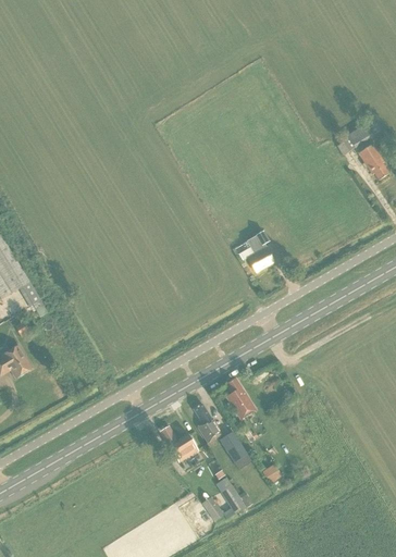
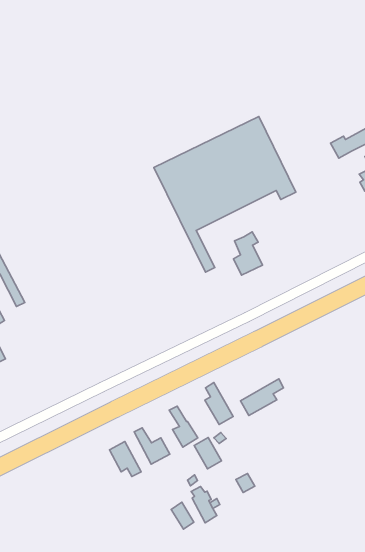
building: none -> [154,116,296,272]
building: none -> [241,379,284,416]
building: none -> [109,442,141,476]

